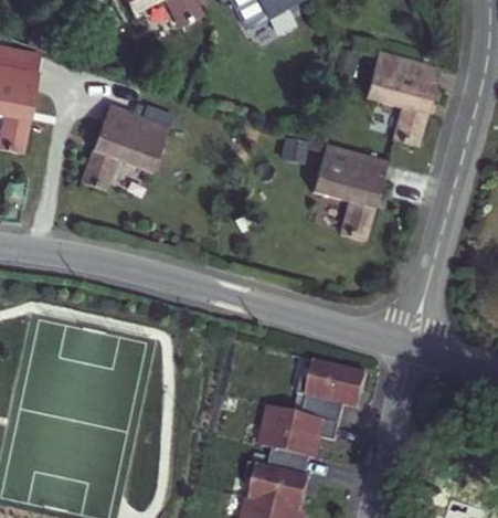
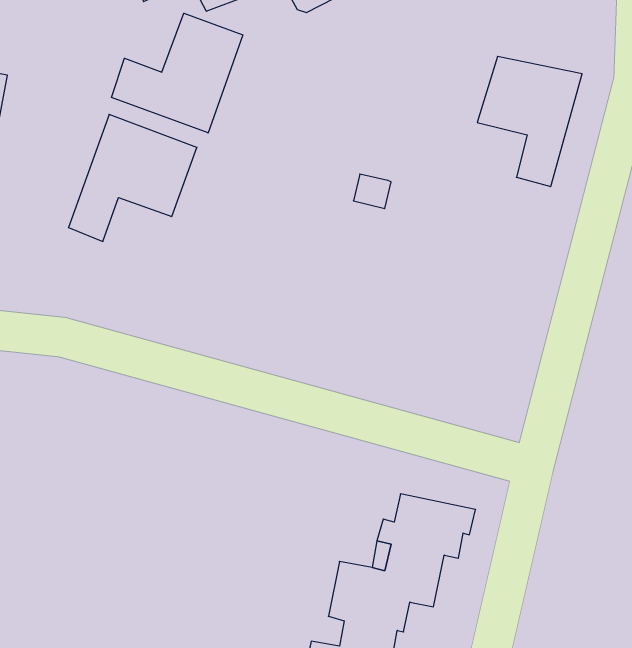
building: none -> [112,13,243,133]
building: [310,145,390,239] -> none

